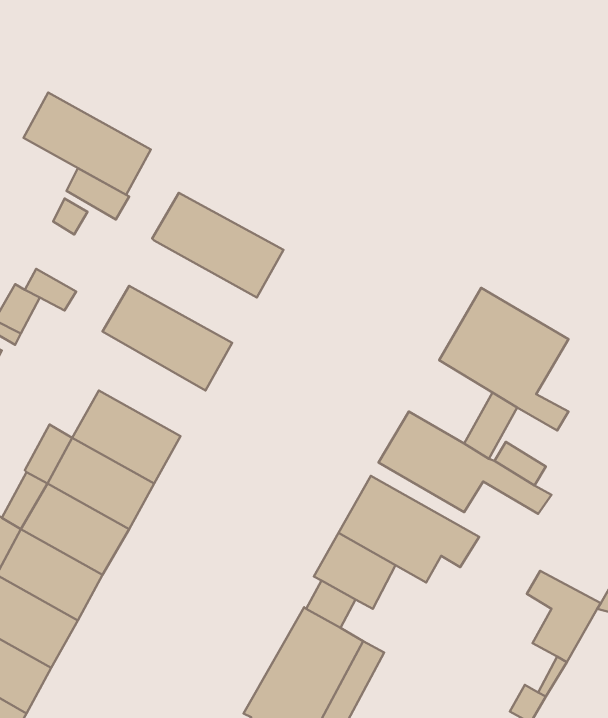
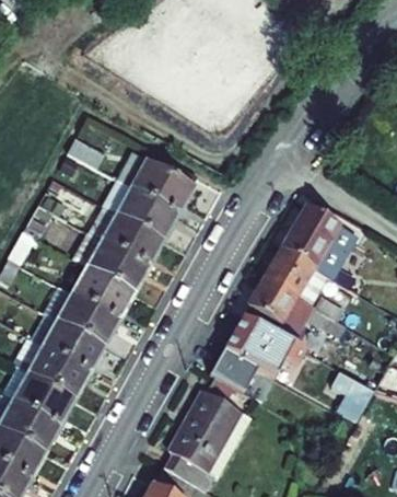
building: [24,92,151,195] -> [104,178,177,238]
building: none -> [74,231,148,291]
building: none -> [265,247,313,296]

